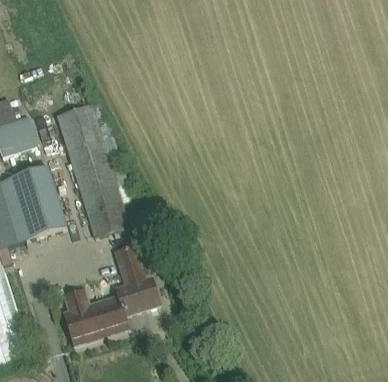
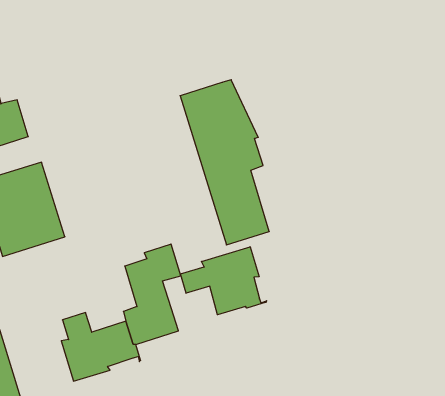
building: [54,103,127,238] -> [180,80,269,245]
building: none -> [181,247,267,315]

